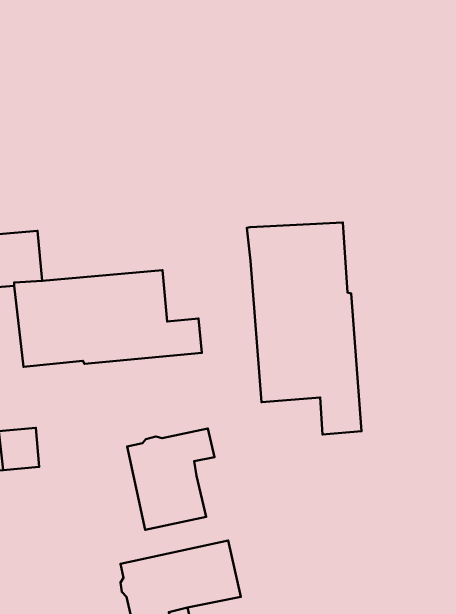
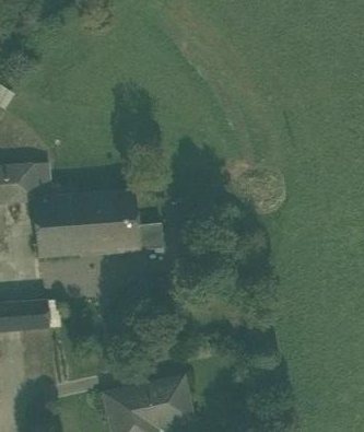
building: [247,222,362,434] -> none
building: [127,428,214,530] -> none

